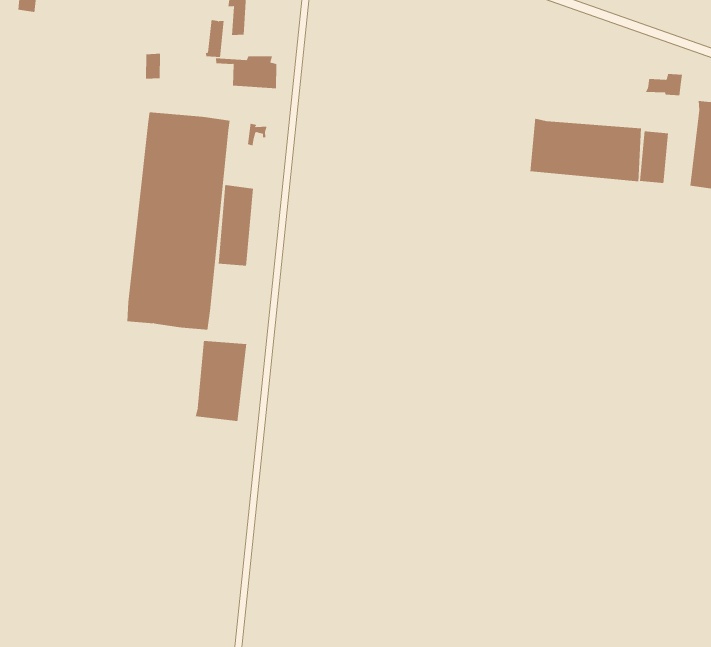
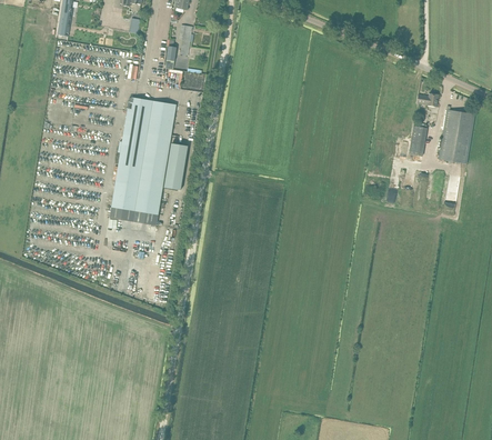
building: [530,118,642,182] -> none
building: [195,340,247,422] -> none

